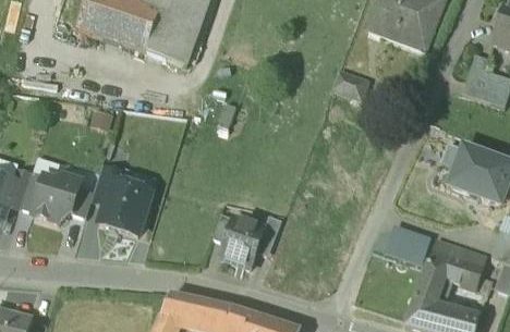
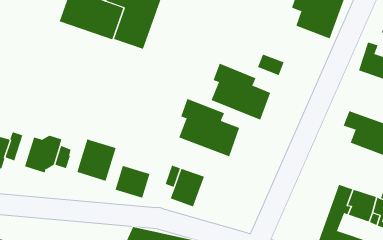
building: none -> [211,63,271,120]
building: none -> [179,98,240,157]
building: [92,165,122,204] -> none
building: none -> [115,165,150,199]
building: [387,224,432,263] -> none

